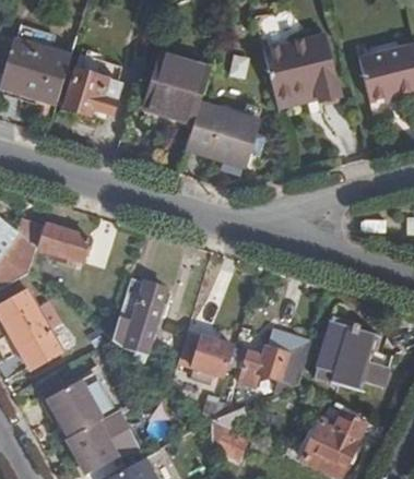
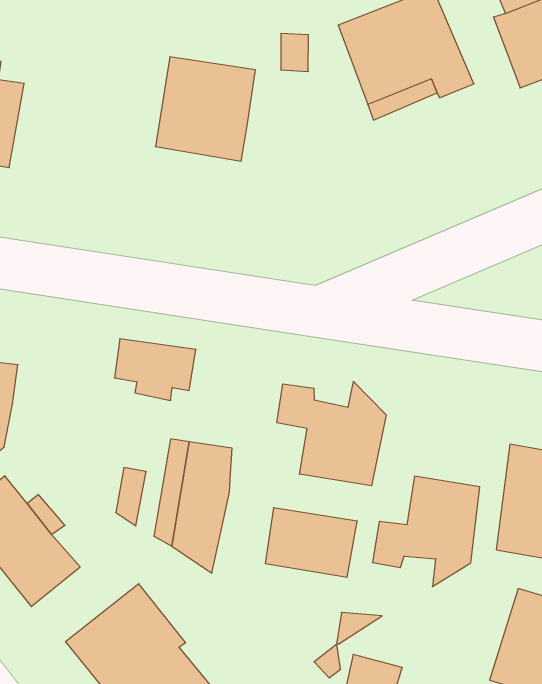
building: [63,67,121,115] -> none
building: [187,101,261,165] -> none
building: [36,225,87,266] -> [114,339,196,400]
building: none -> [277,381,386,486]

